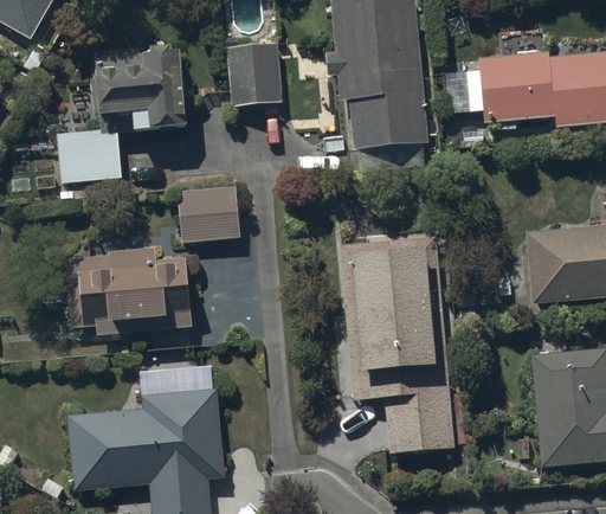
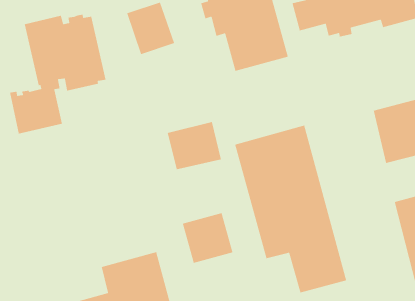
building: [175,186,240,242] -> [167,121,222,170]
building: [66,248,189,335] -> none
building: none -> [182,212,233,264]

